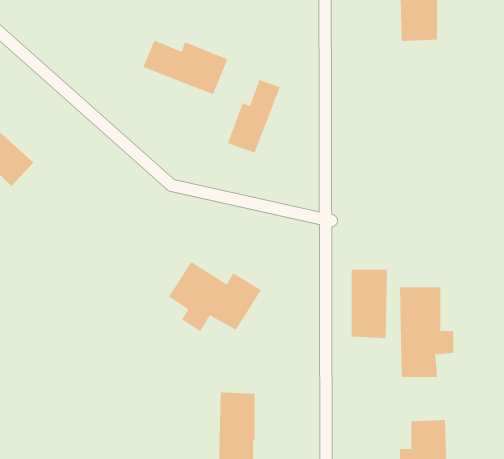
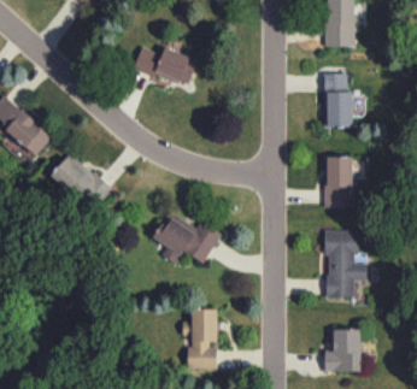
building: none -> [322,73,352,126]
building: [227,79,280,153] -> none
building: none -> [52,153,111,210]
building: [351,269,388,339] -> [324,157,352,208]

